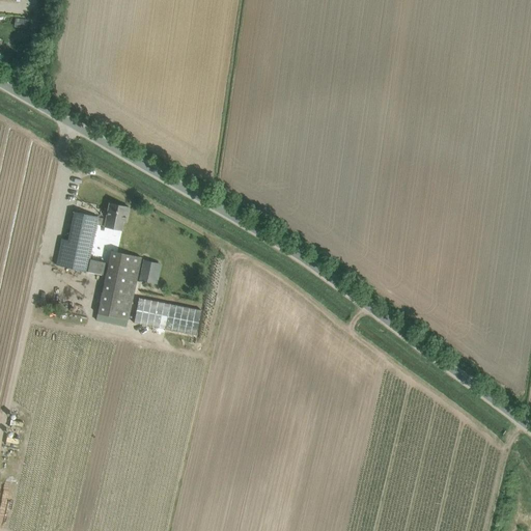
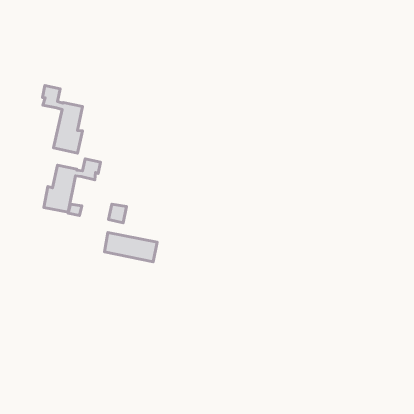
building: none -> [42,86,83,153]
building: [97,251,141,320] -> none

